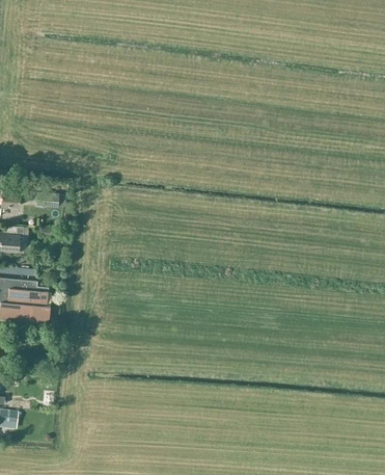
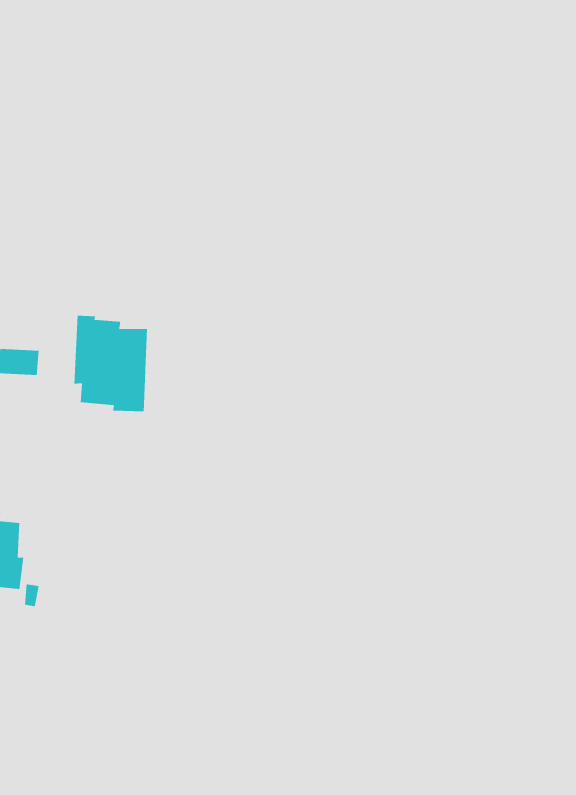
building: none -> [74,315,148,412]

